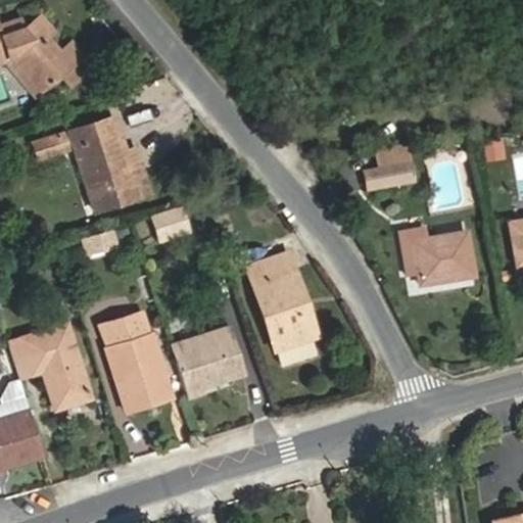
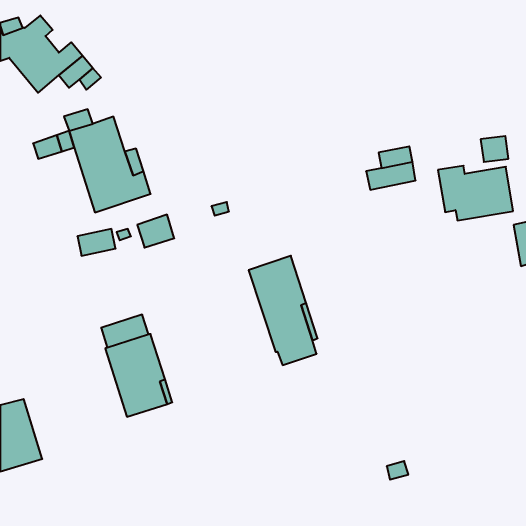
building: [399,231,474,285] -> [438,166,513,220]
building: [7,324,91,409] -> none
building: [171,327,245,396] -> none

